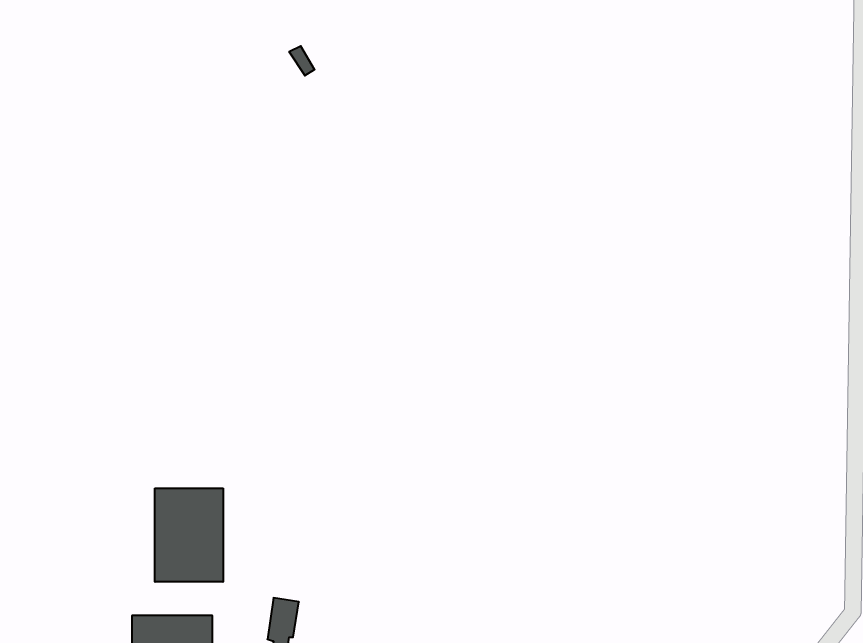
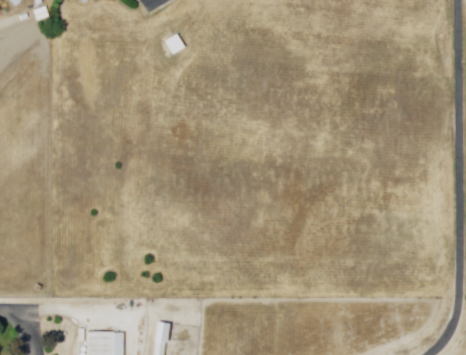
building: [155,488,223,582] -> none

